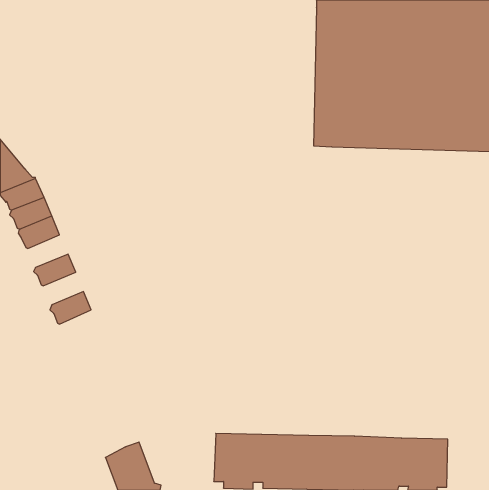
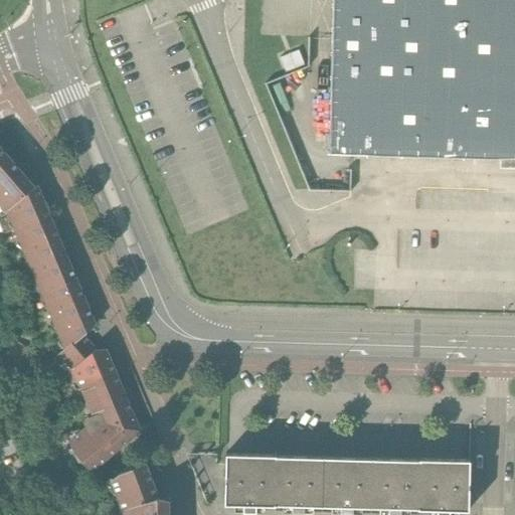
building: none -> [28,246,72,281]
building: none -> [45,286,89,320]
building: none -> [54,336,138,473]

